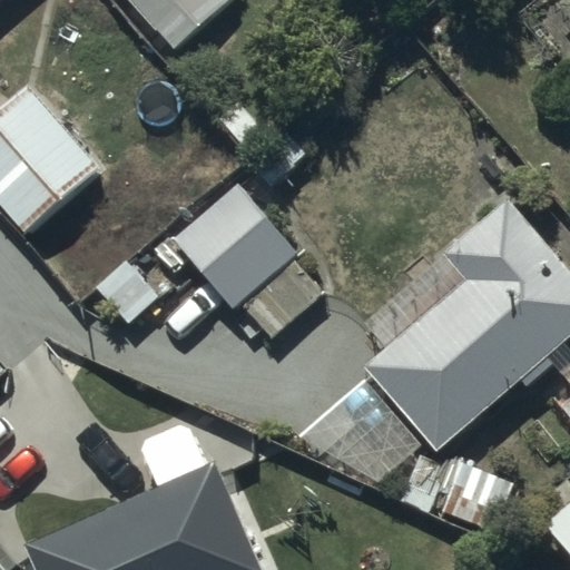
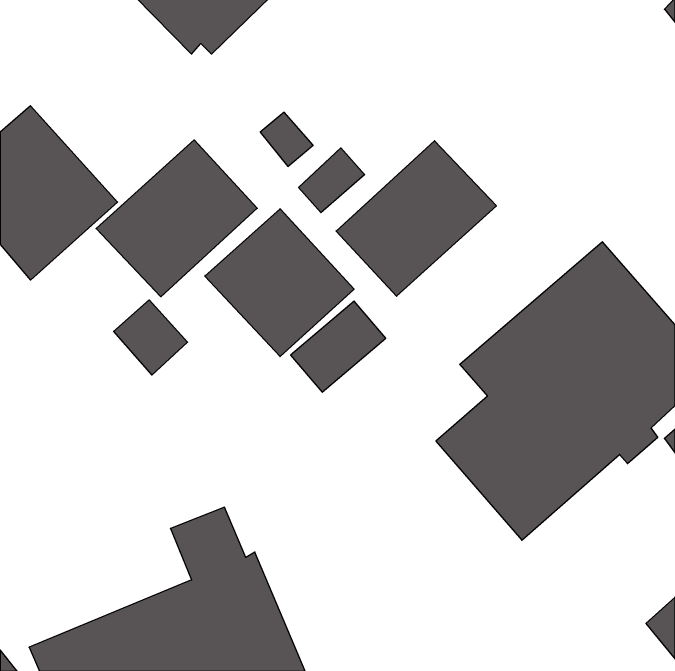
building: none -> [96,140,257,297]
building: none -> [336,141,496,296]

